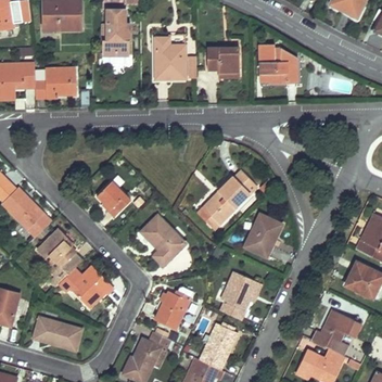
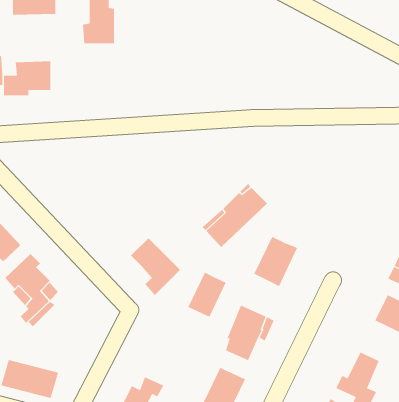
building: [155,37,184,77] -> none
building: [258,44,295,84] -> none
building: [207,47,239,72] -> none
building: [97,179,130,216] -> none
building: [69,266,112,307] -> none
building: [155,291,188,329] -> [188,272,227,317]

